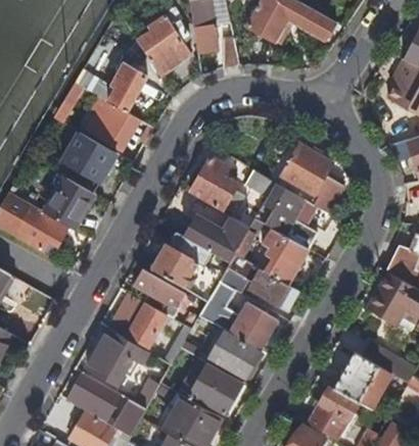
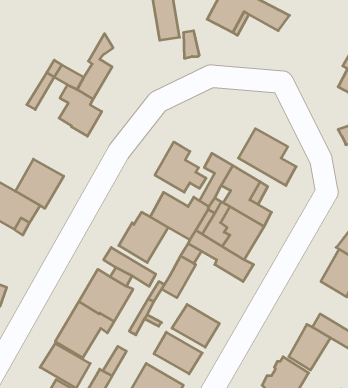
building: [136,12,190,75] -> none
building: [60,135,117,194] -> none
building: [226,306,278,352] -> none

